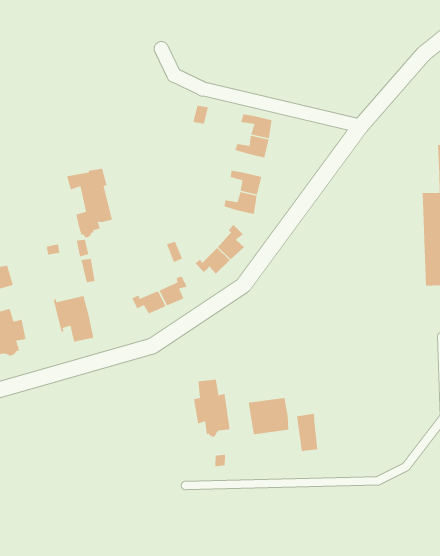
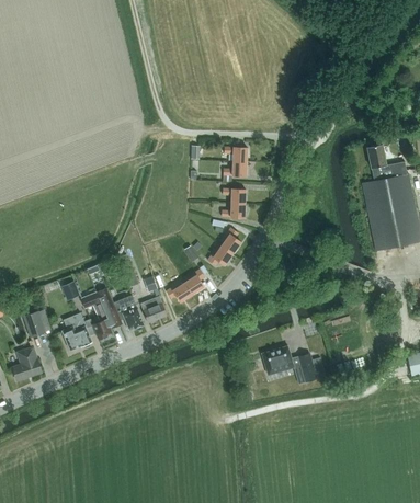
building: [66,168,113,239] -> [80,288,118,341]
building: none -> [139,296,166,323]
building: [193,379,230,437] -> none

